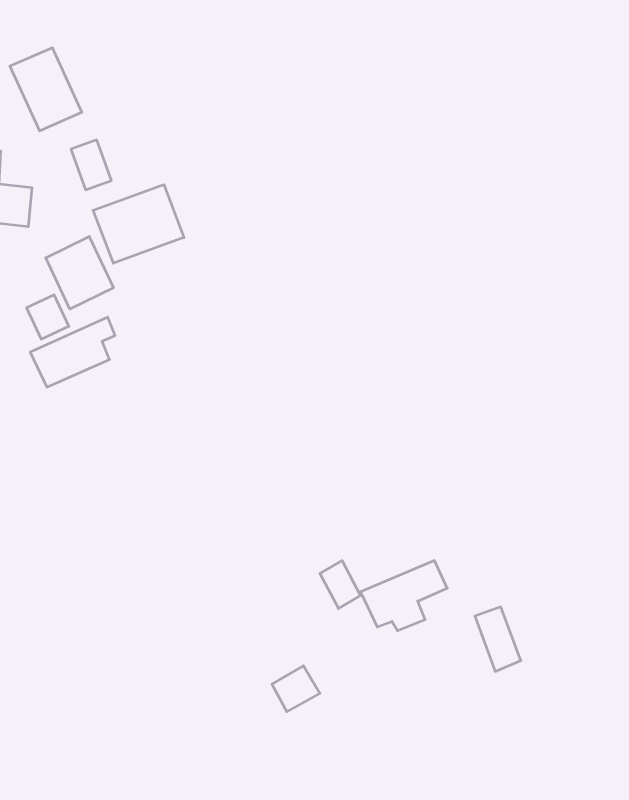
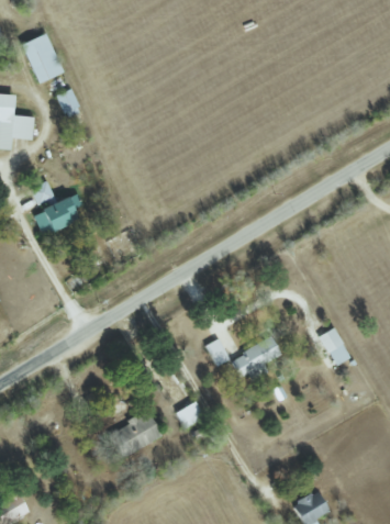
building: [93,185,184,263] -> none
building: [46,236,113,309] -> none
building: [475,607,521,671] -> [321,327,348,366]
building: none -> [107,411,161,458]

